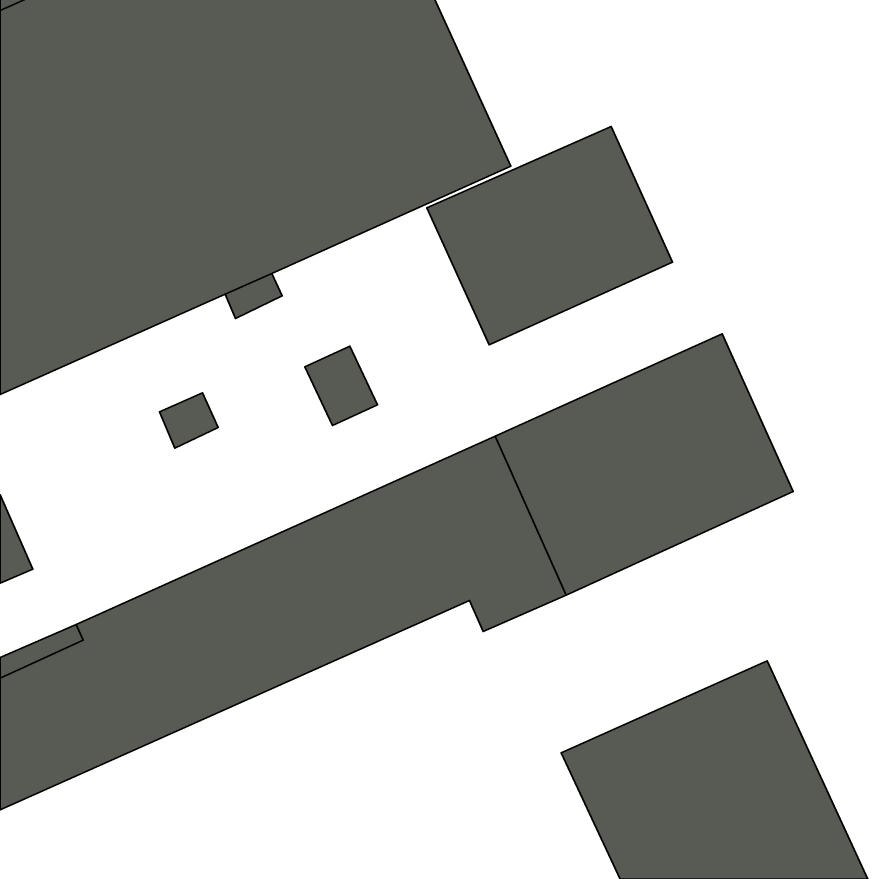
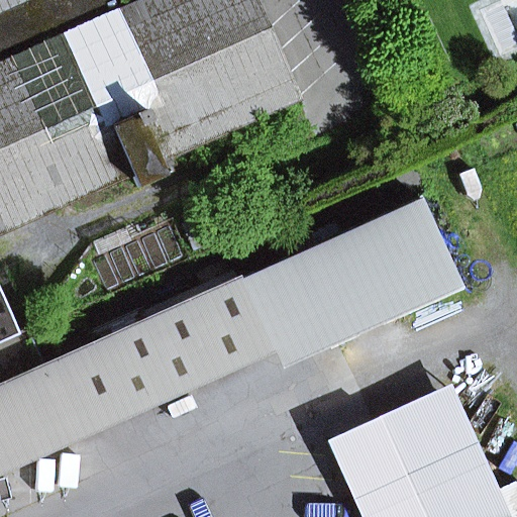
building: [427,126,672,345] -> none

